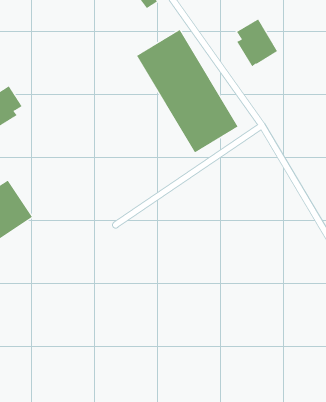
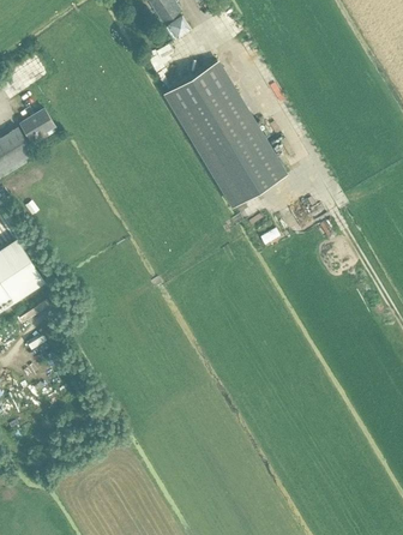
building: [236,19,278,67] -> none
building: none -> [20,108,53,143]

